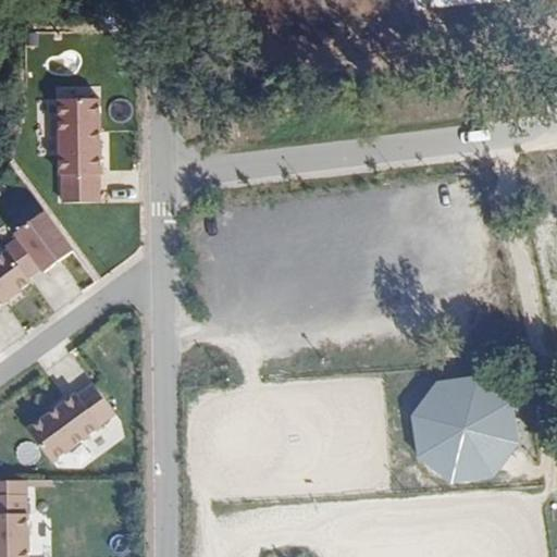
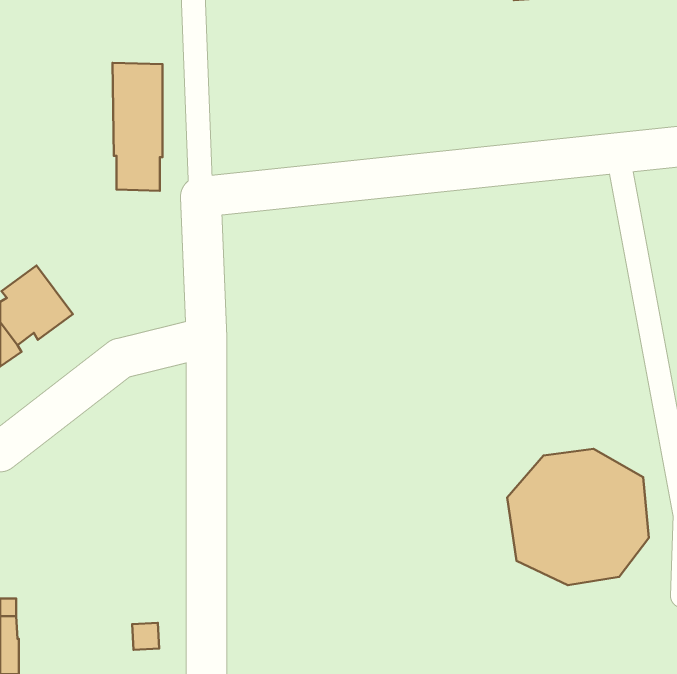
building: [53,101,94,205] -> [112,63,162,191]
building: [24,386,112,465] -> none

